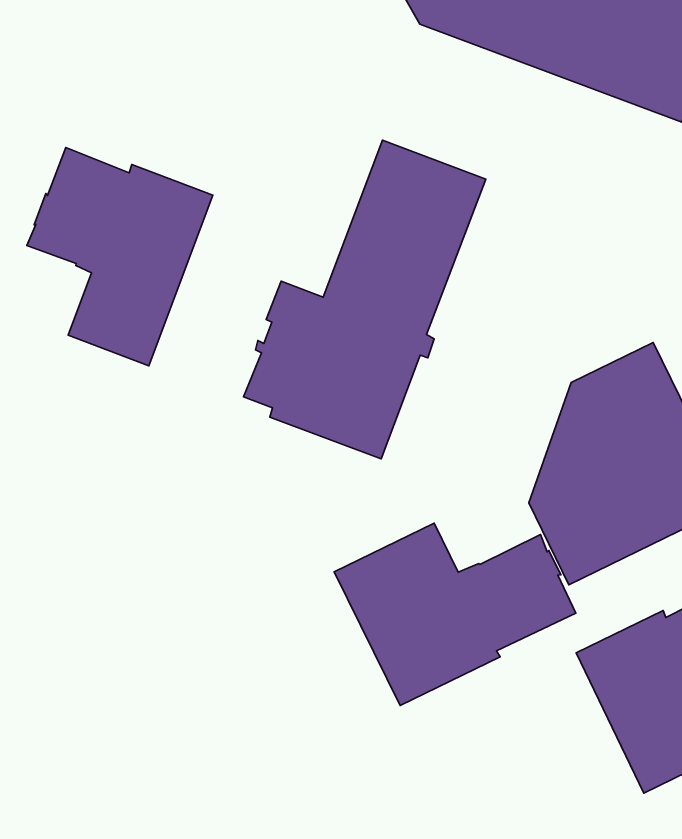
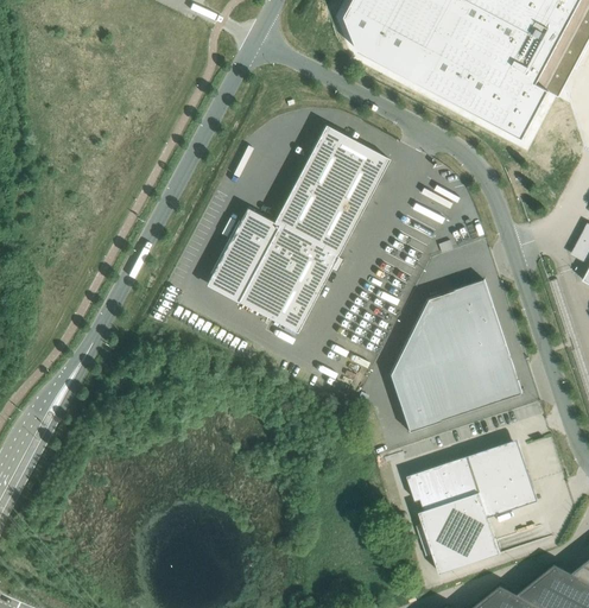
building: [27,148,213,366] -> none
building: [334,523,576,706] -> none

